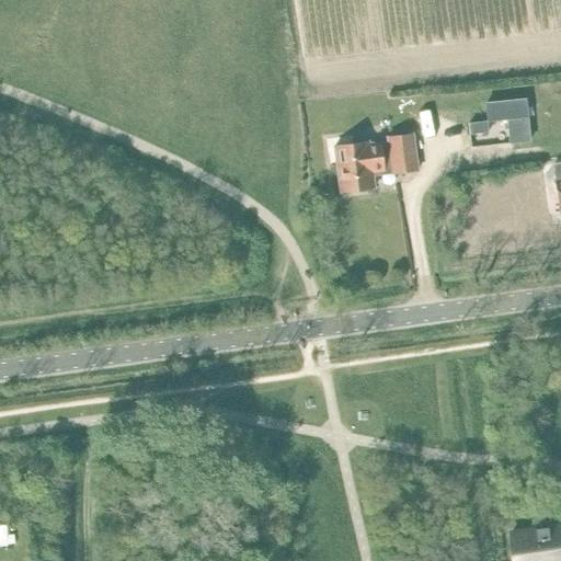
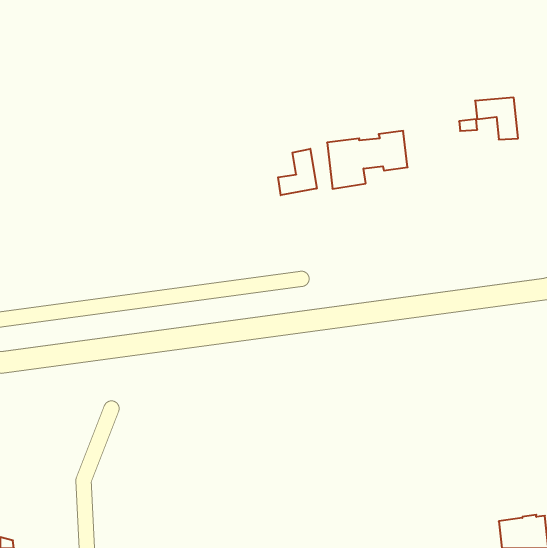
building: none -> [278,149,317,195]

